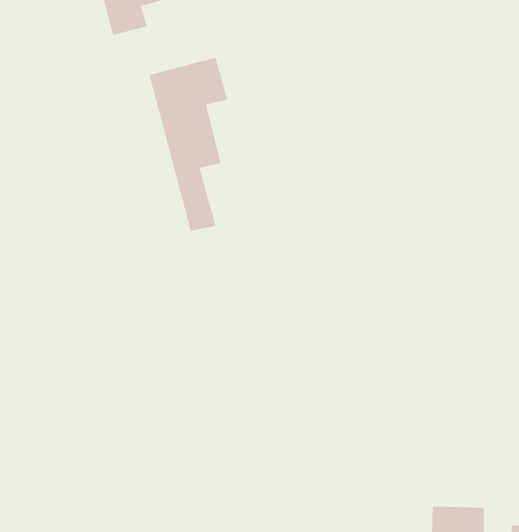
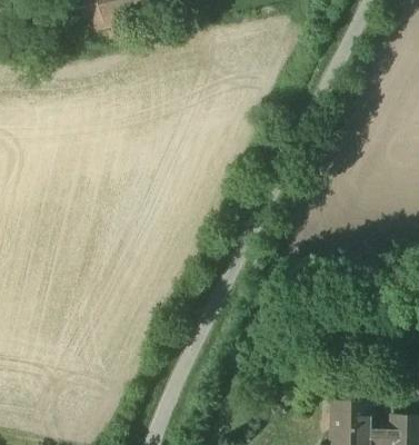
building: [149,57,228,232] -> none

